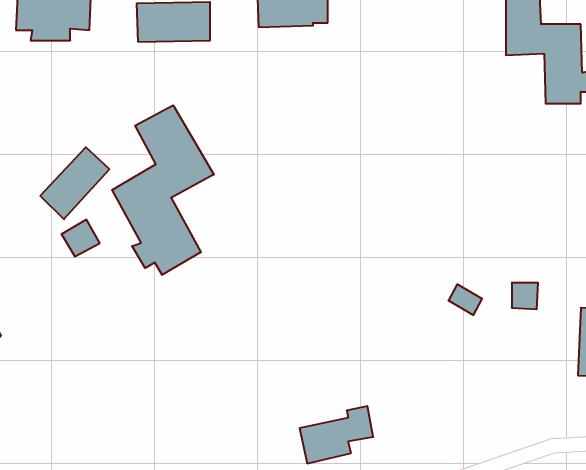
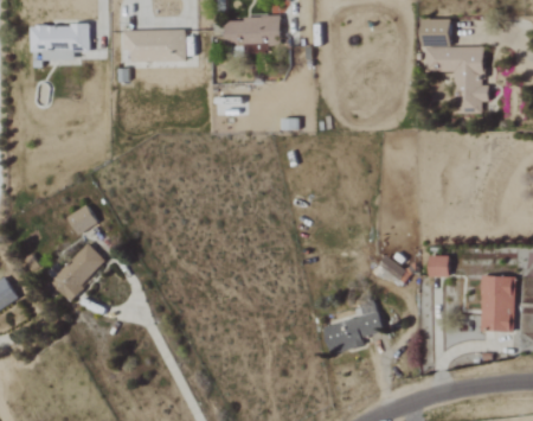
building: [112,105,214,275] -> none
building: [40,147,109,219] -> [49,242,104,300]
building: [300,406,373,463] -> [323,307,383,353]

